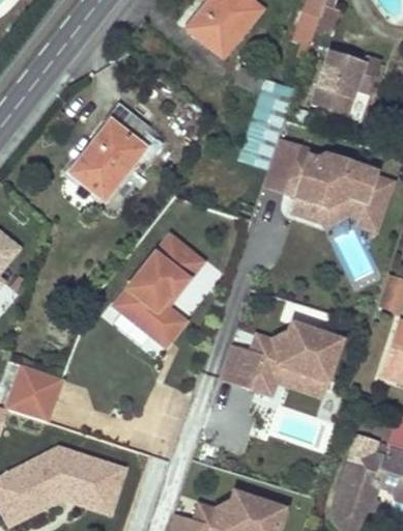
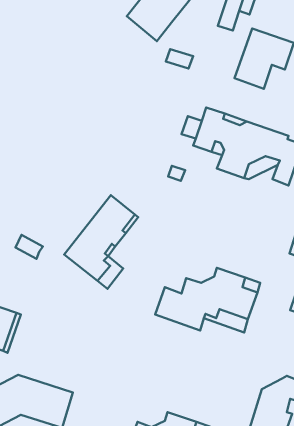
building: [71,105,164,199] -> none

